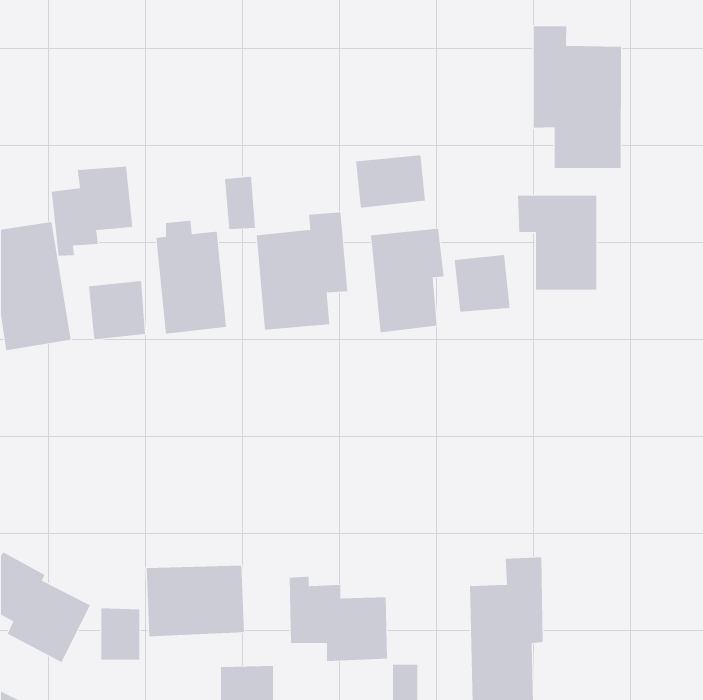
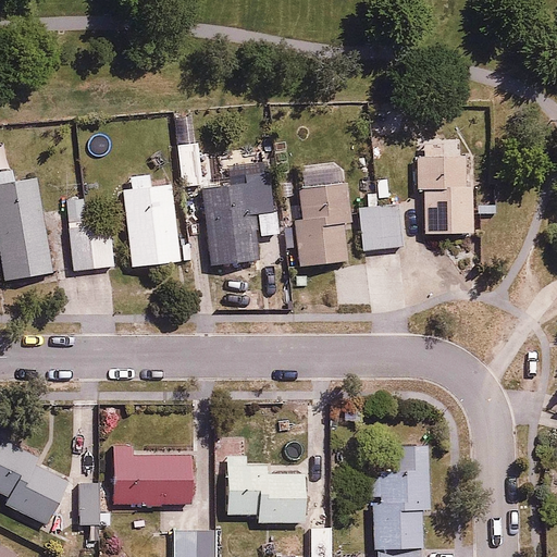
building: [533,26,621,169] -> none
building: [356,155,425,208] -> none
building: [51,166,133,257] -> none

